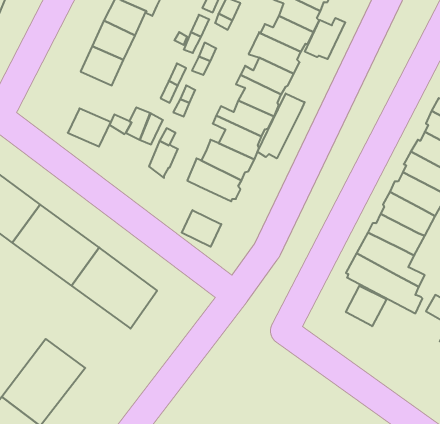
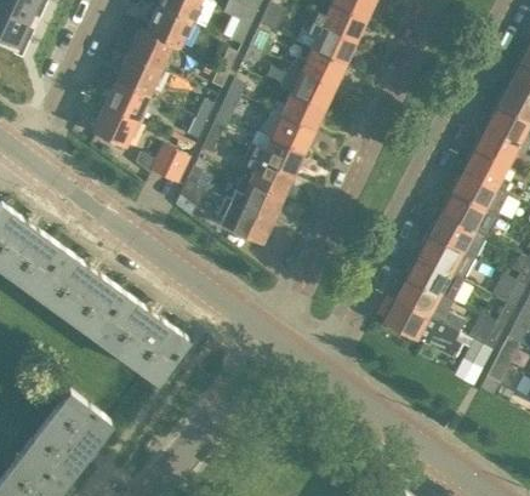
building: [305,18,345,59] -> none
building: [258,93,305,158] -> none
building: [68,108,111,147] -> [92,108,137,148]
building: [182,210,221,247] -> none
building: [346,286,386,326] -> none

